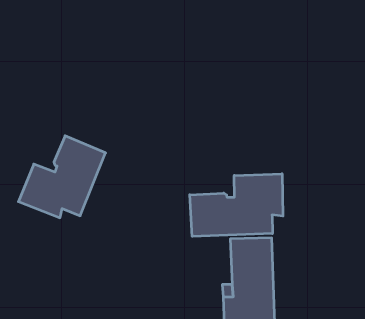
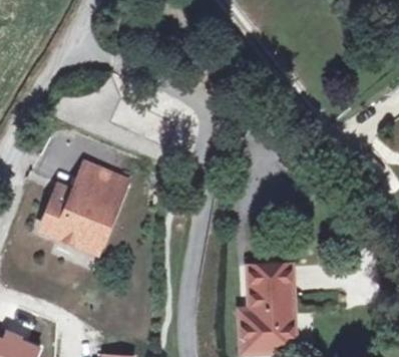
building: [190,174,283,236] -> none

